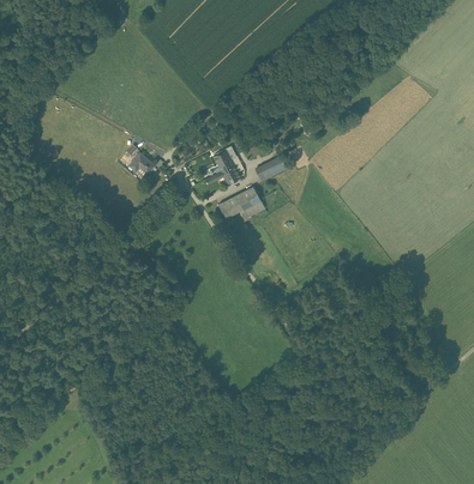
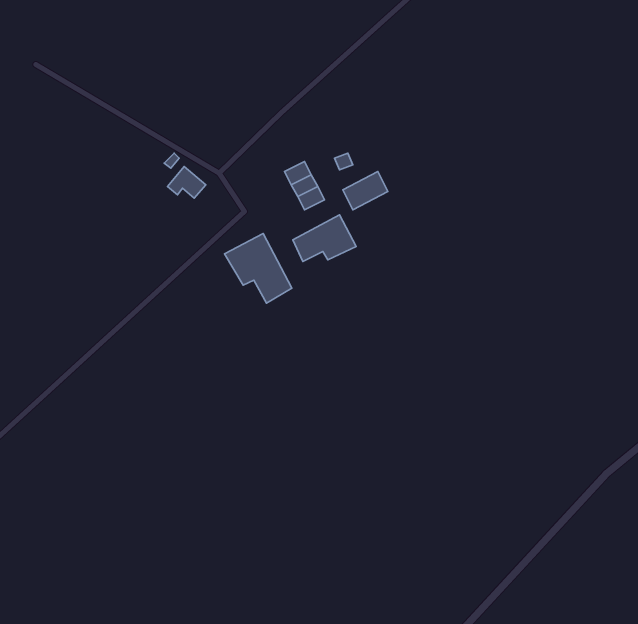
building: none -> [225,233,292,303]

